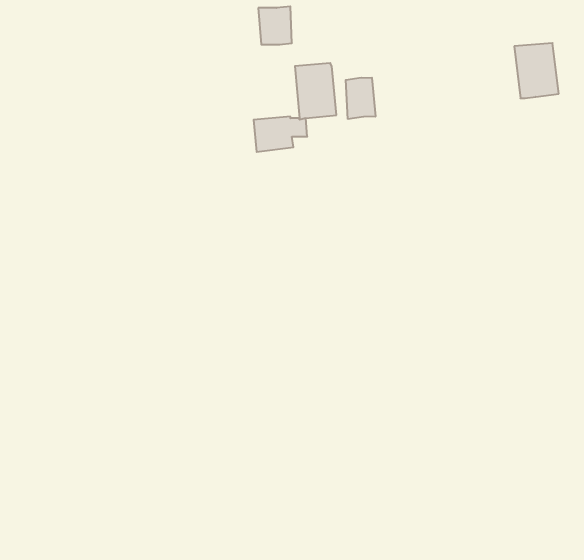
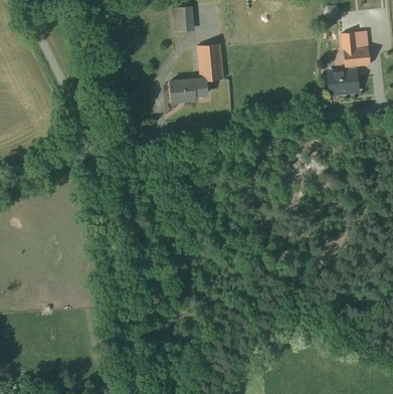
building: [346,78,375,119] -> none
building: none -> [327,66,357,94]

